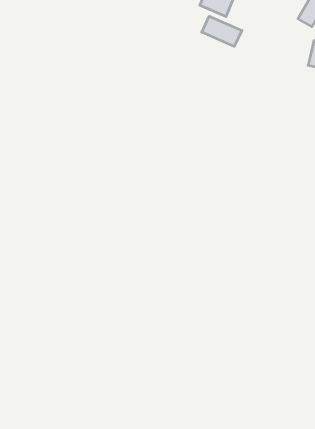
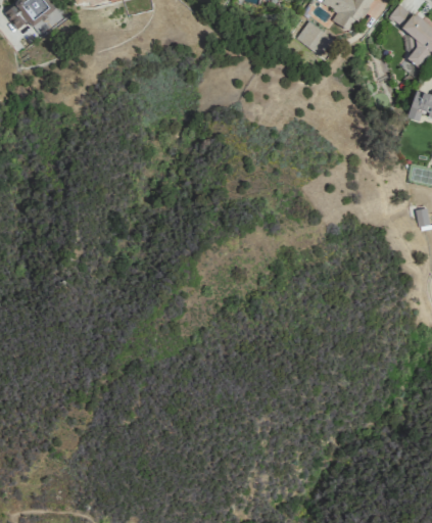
building: [202,16,242,46] -> none

